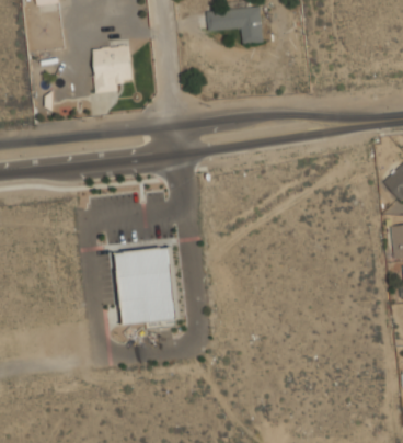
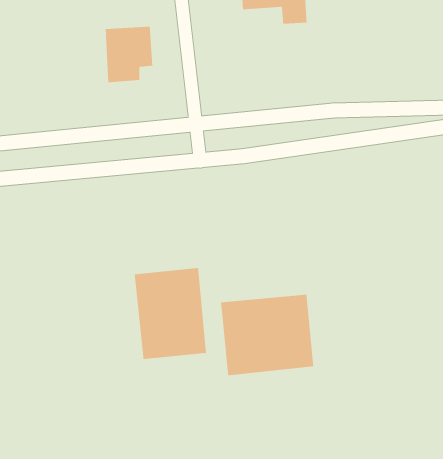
building: none -> [220,294,314,376]

